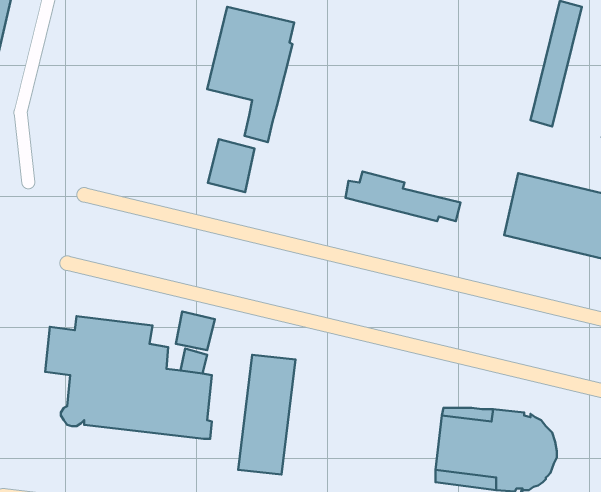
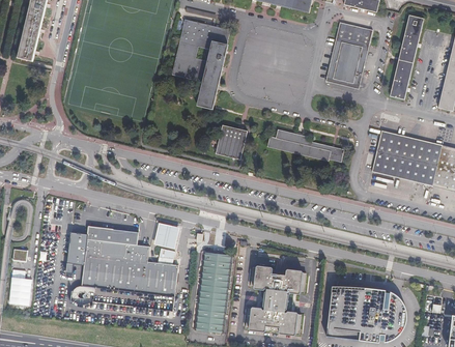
building: none -> [324,23,373,90]
building: [208,139,254,192] -> [217,124,248,160]
building: none -> [245,266,308,334]

